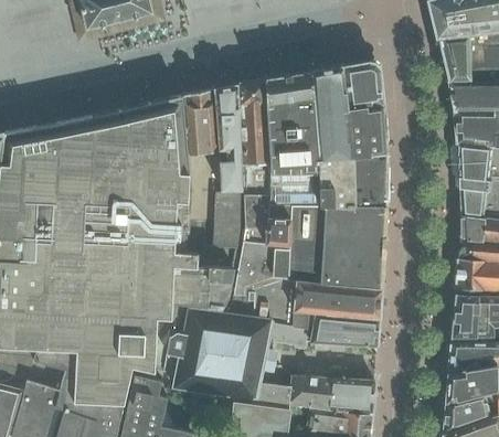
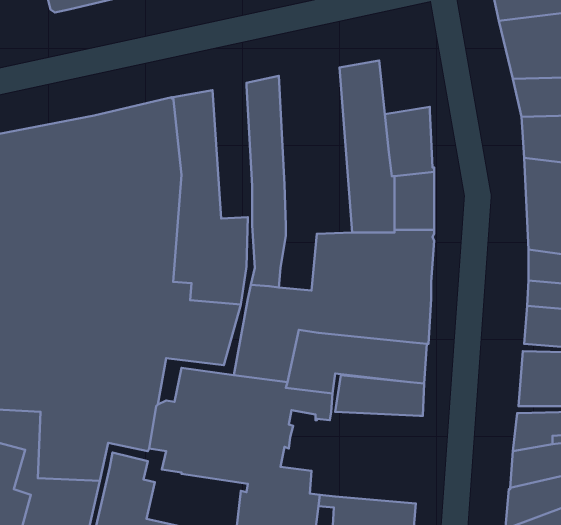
building: [343,64,383,110] -> none
building: [265,74,322,248] -> none
building: [213,86,241,192] -> none
building: [289,377,375,415] -> none

